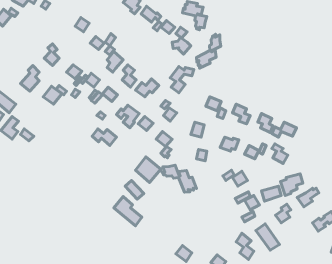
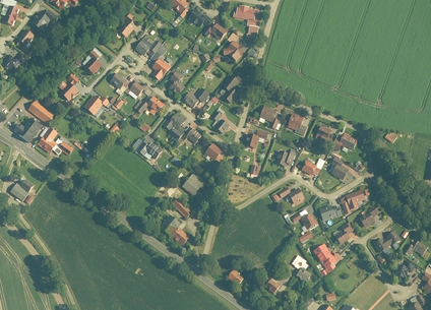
building: [197,34,221,68] -> none
building: [162,165,196,192] -> none

